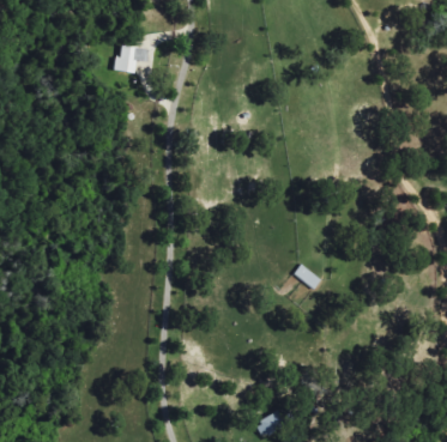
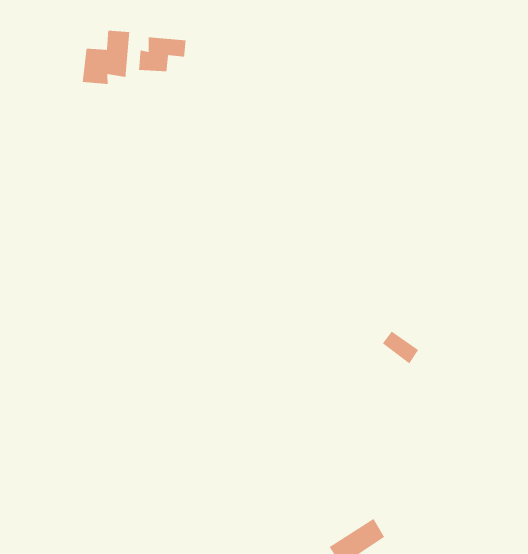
building: none -> [82,30,130,85]

